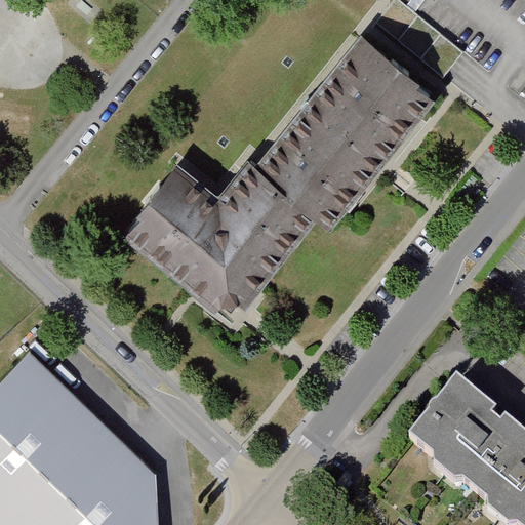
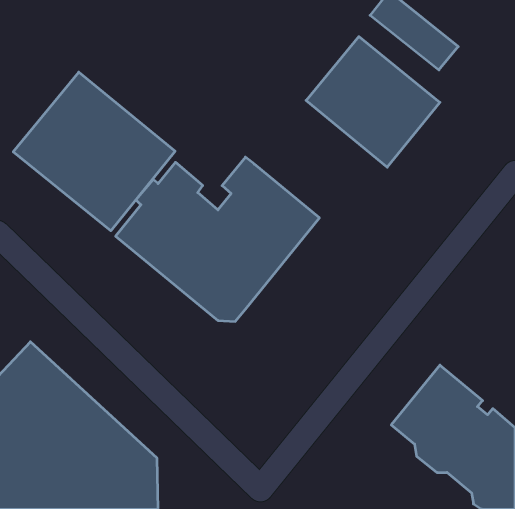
building: none -> [13,72,175,231]
building: [257,102,392,234] -> none

